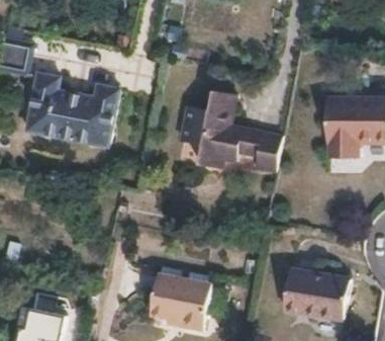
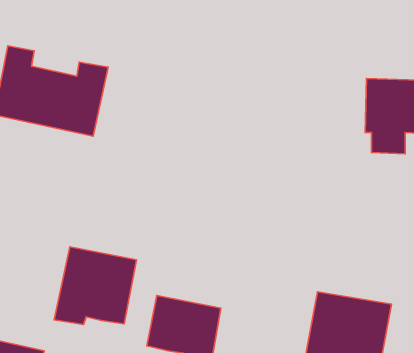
building: [180,91,280,172] -> none
building: none -> [54,247,137,324]

